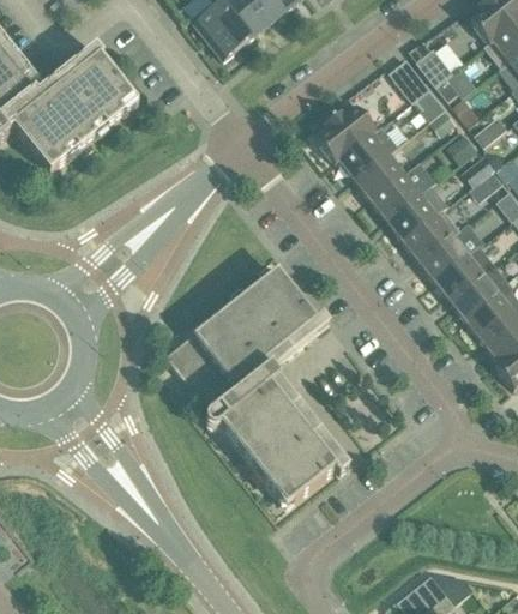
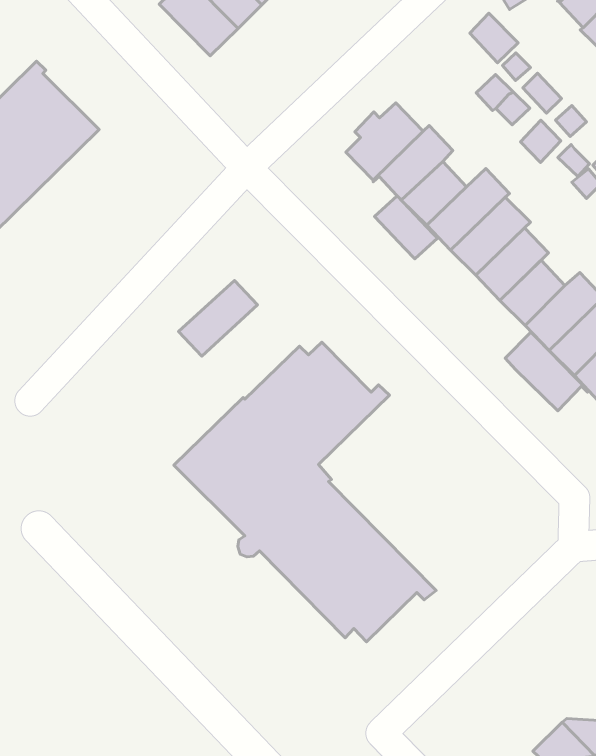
building: [388,59,427,100] -> none
building: none -> [375,196,437,259]
building: none -> [179,280,258,356]
building: none -> [505,332,588,411]

